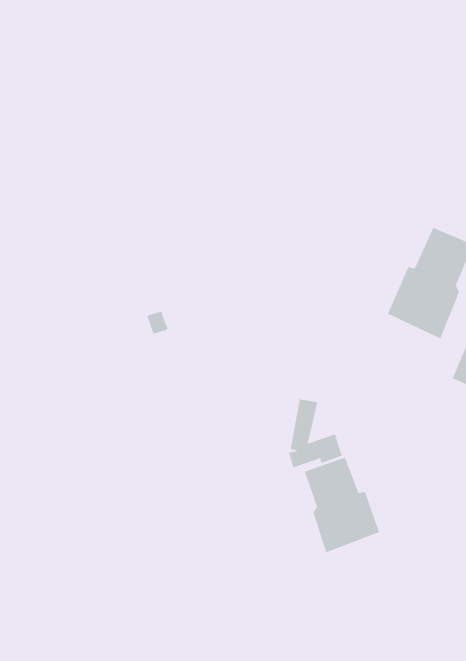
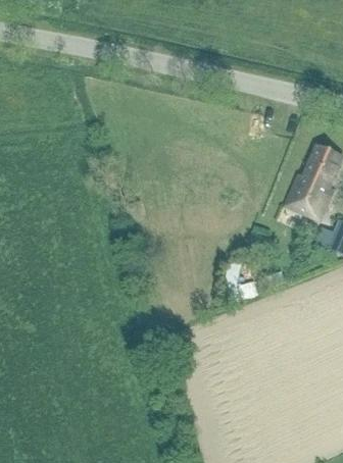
building: [304,457,380,553] -> none

